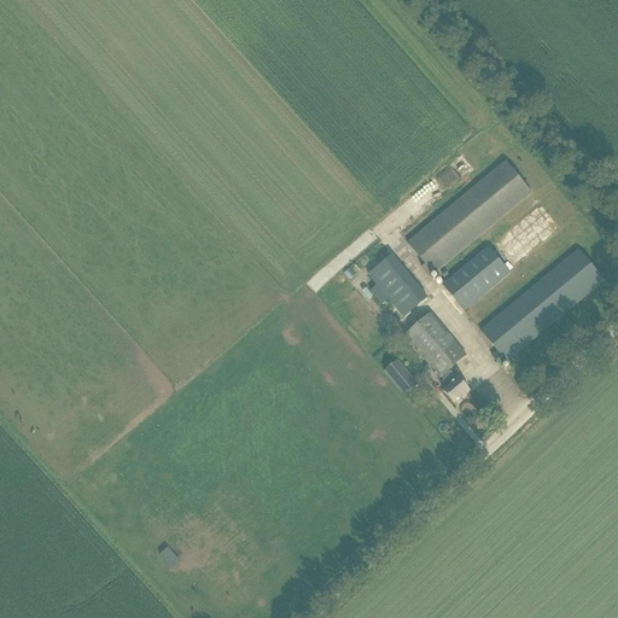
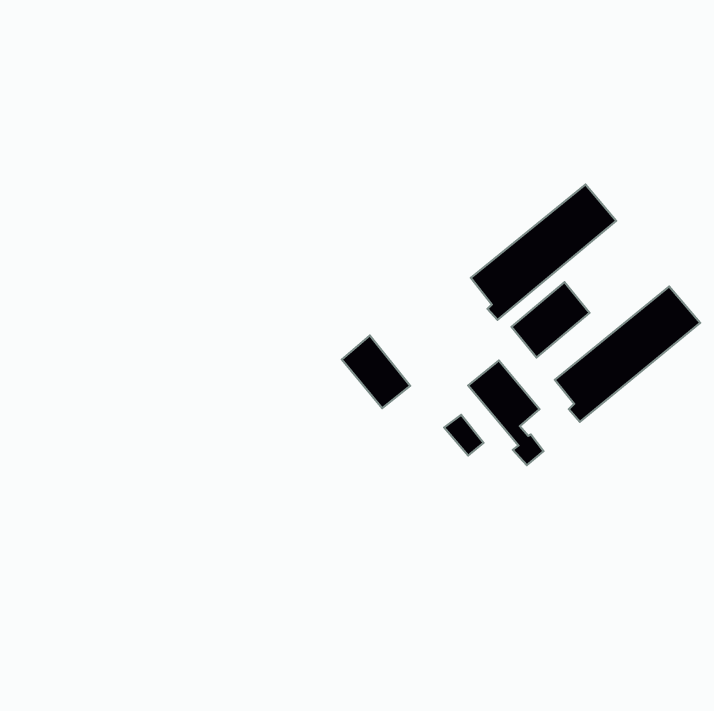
building: [368,253,427,316] -> [342,336,410,408]

